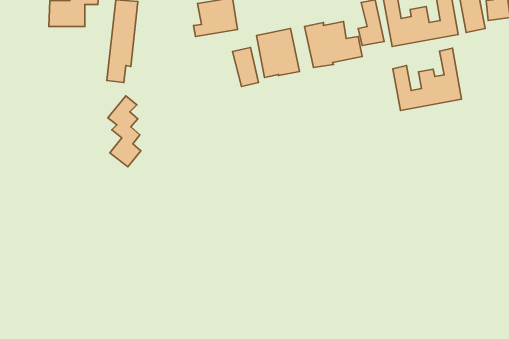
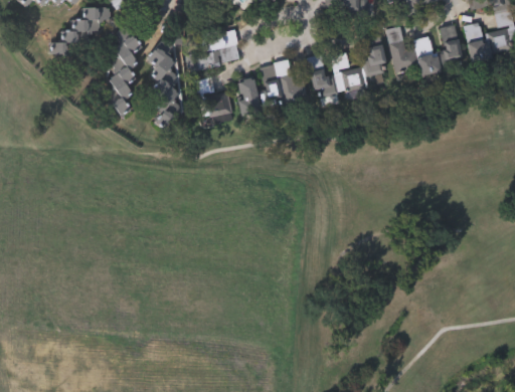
building: [393,48,462,110] -> none
building: none -> [203,88,234,127]
building: [108,96,141,167] -> [145,37,178,109]

